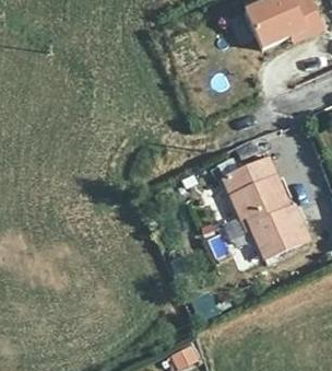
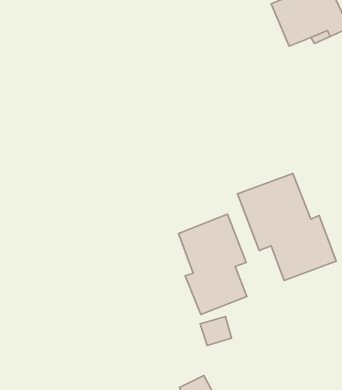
building: none -> [178,214,247,315]

